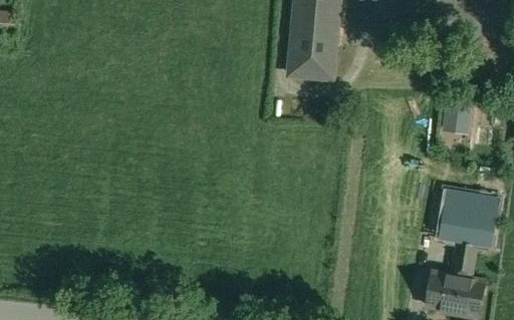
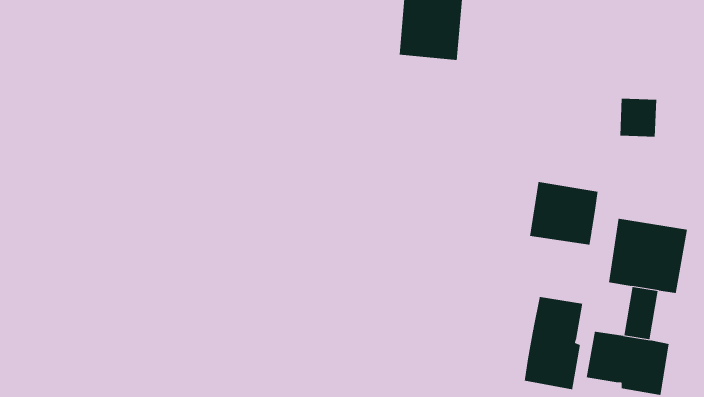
building: none -> [529,181,598,245]
building: none -> [524,296,583,390]

